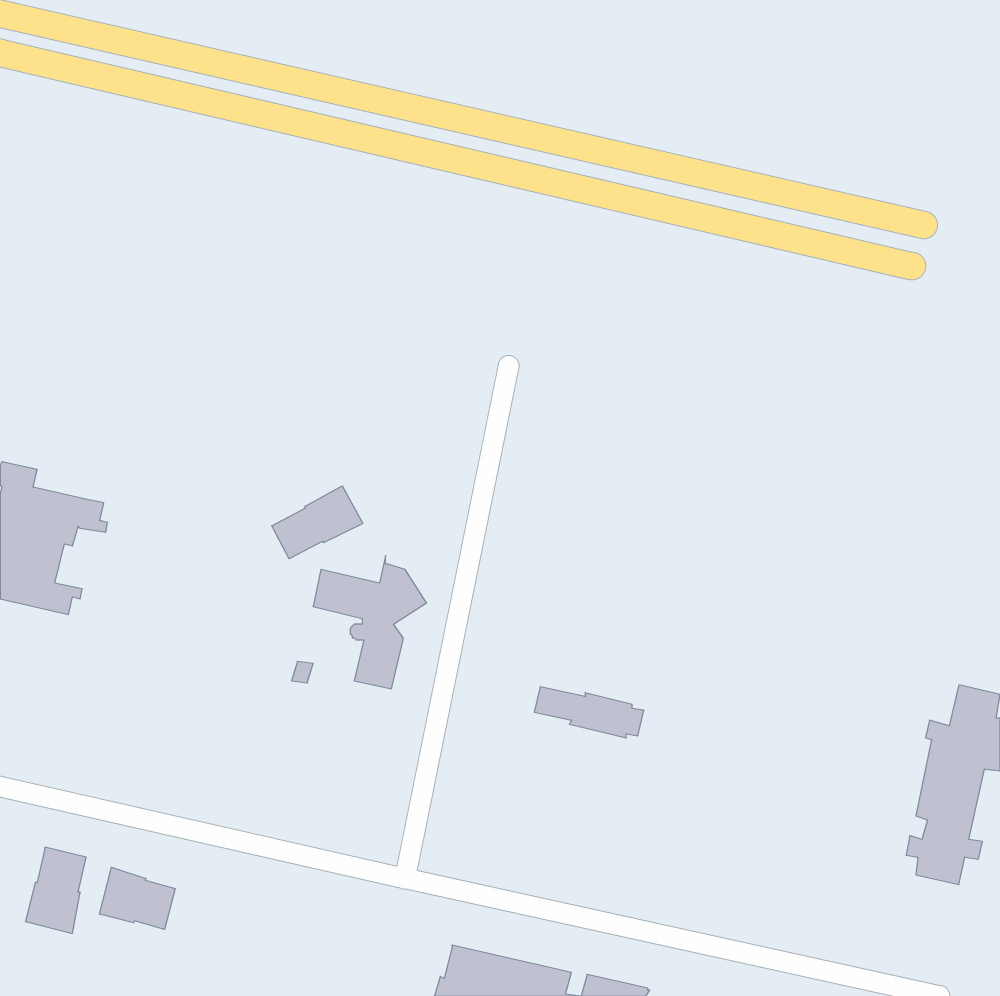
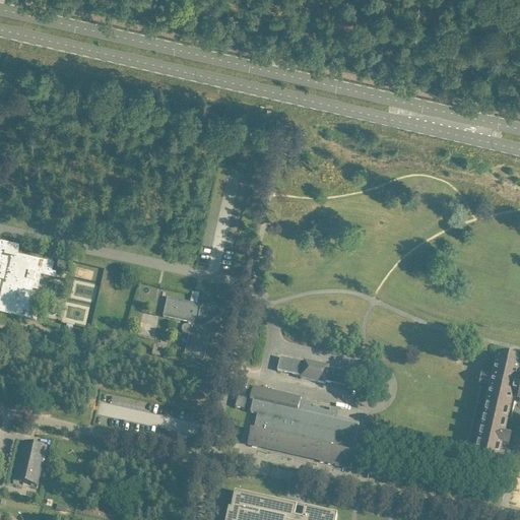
building: [272,486,363,559] -> none
building: none -> [247,385,359,467]
building: [100,867,175,929] -> none

